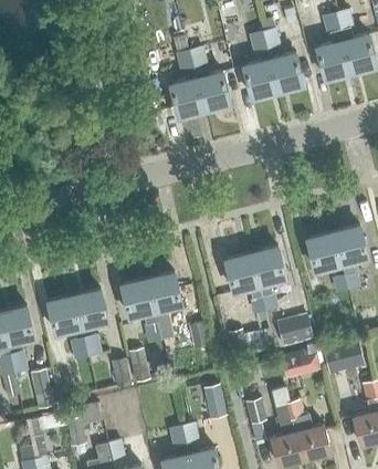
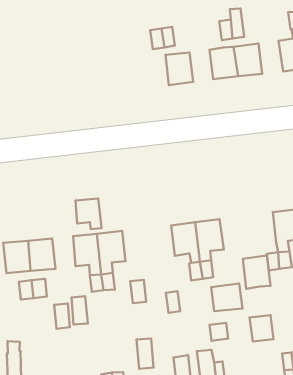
building: [170,77,204,116] -> none
building: [307,232,340,271] -> [243,255,270,289]
building: none -> [76,198,102,229]

